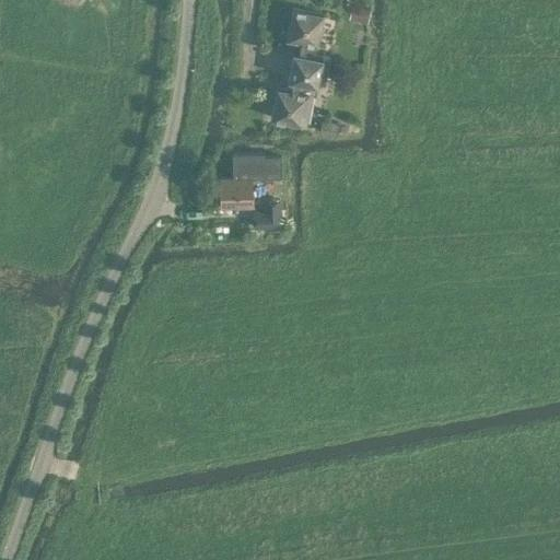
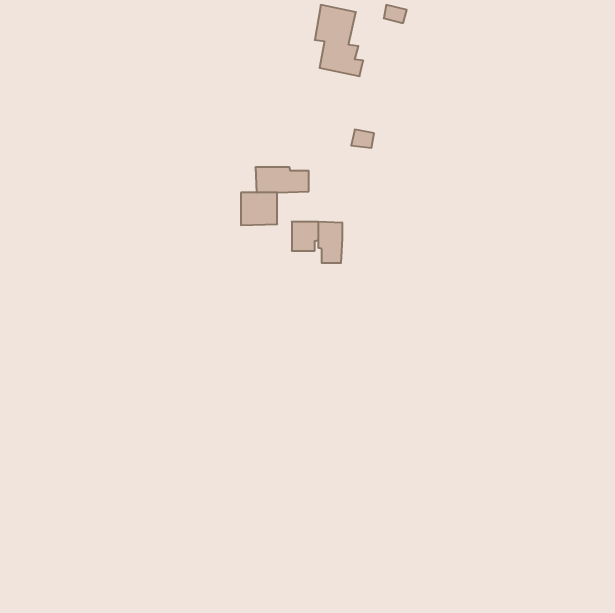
building: [269,67,325,127] -> none
building: none -> [318,222,342,263]

